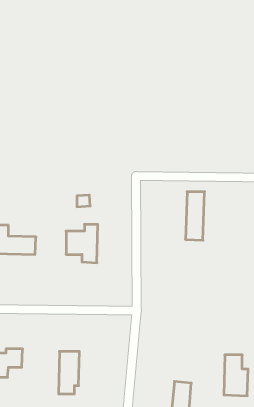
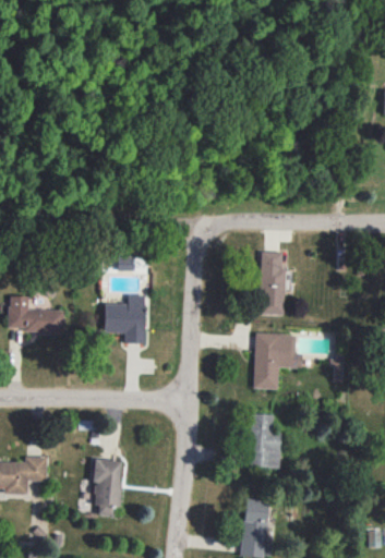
building: none -> [253,333,302,389]
building: [224,355,248,396] -> [249,414,280,468]

